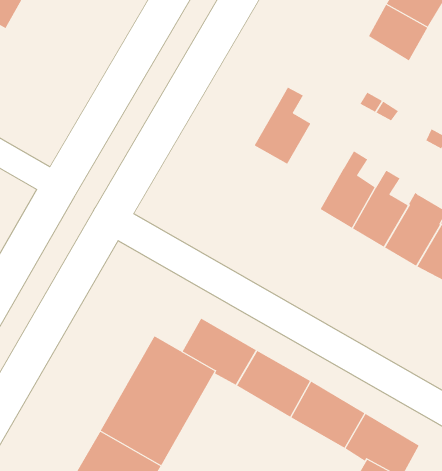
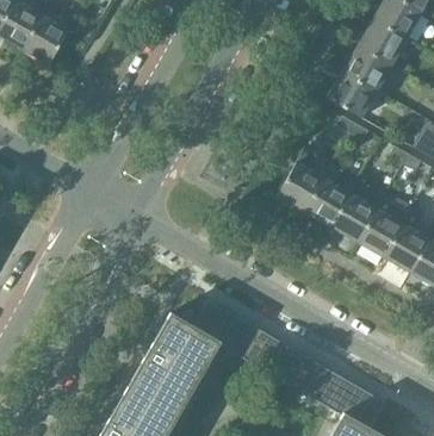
building: none -> [326,71,376,119]
building: [254,87,311,164] -> [275,149,322,212]

